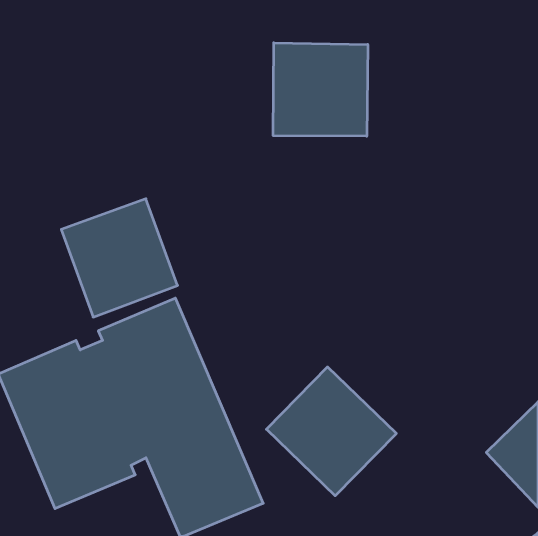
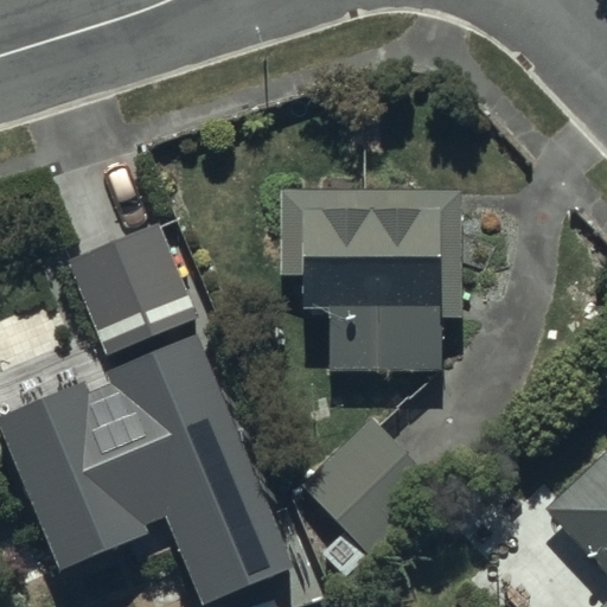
building: [273,43,368,136] -> none
building: none -> [281,190,460,371]

